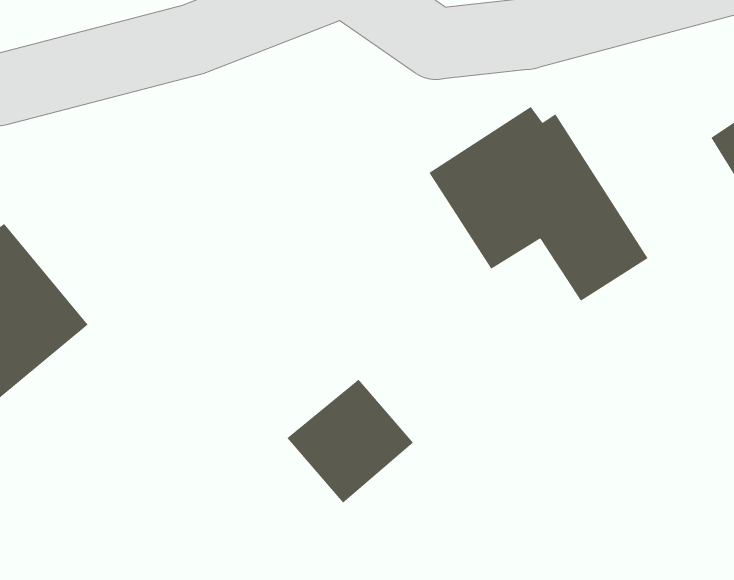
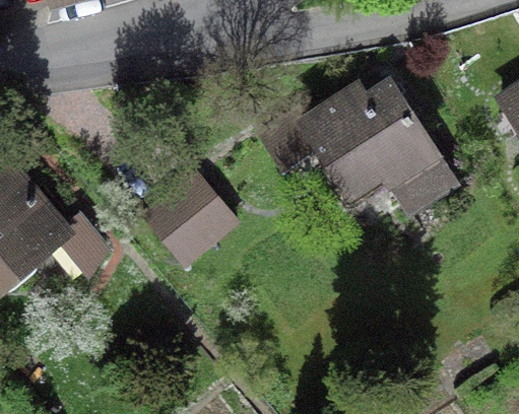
building: [286,379,414,503] -> [144,175,234,262]

